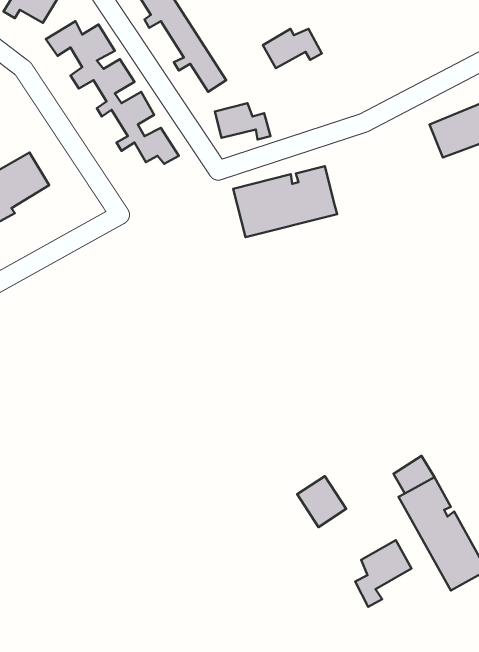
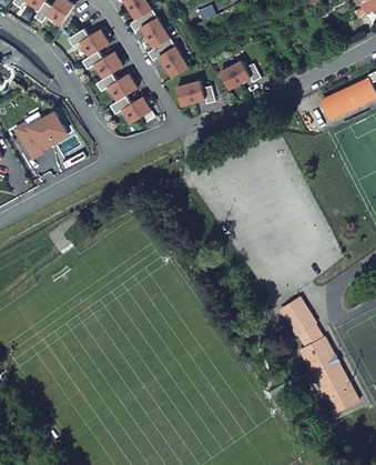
building: [263,29,322,68] -> [221,61,261,88]
building: [233,166,337,237] -> none
building: [297,476,346,527] -> [283,296,316,331]
building: [355,540,411,607] -> none

